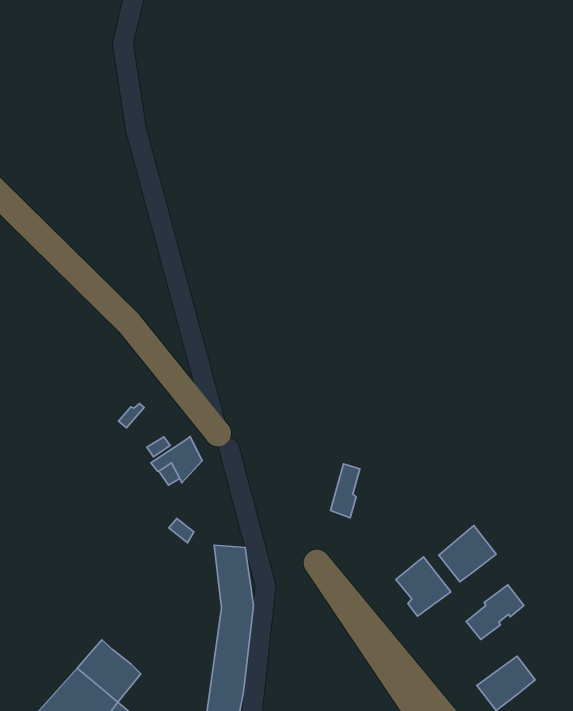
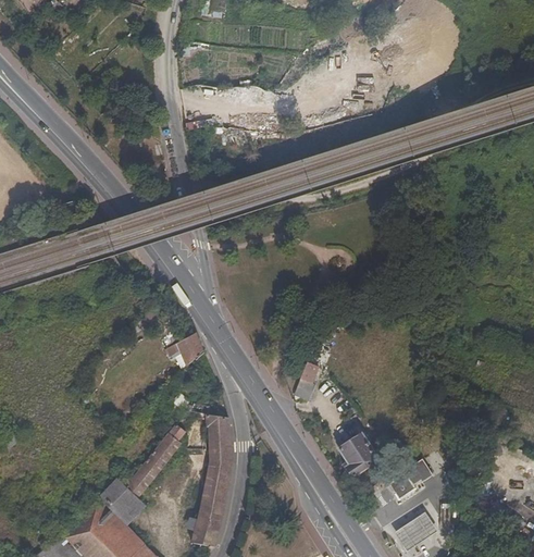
building: [439,525,496,582] -> none
building: none -> [126,423,187,498]

